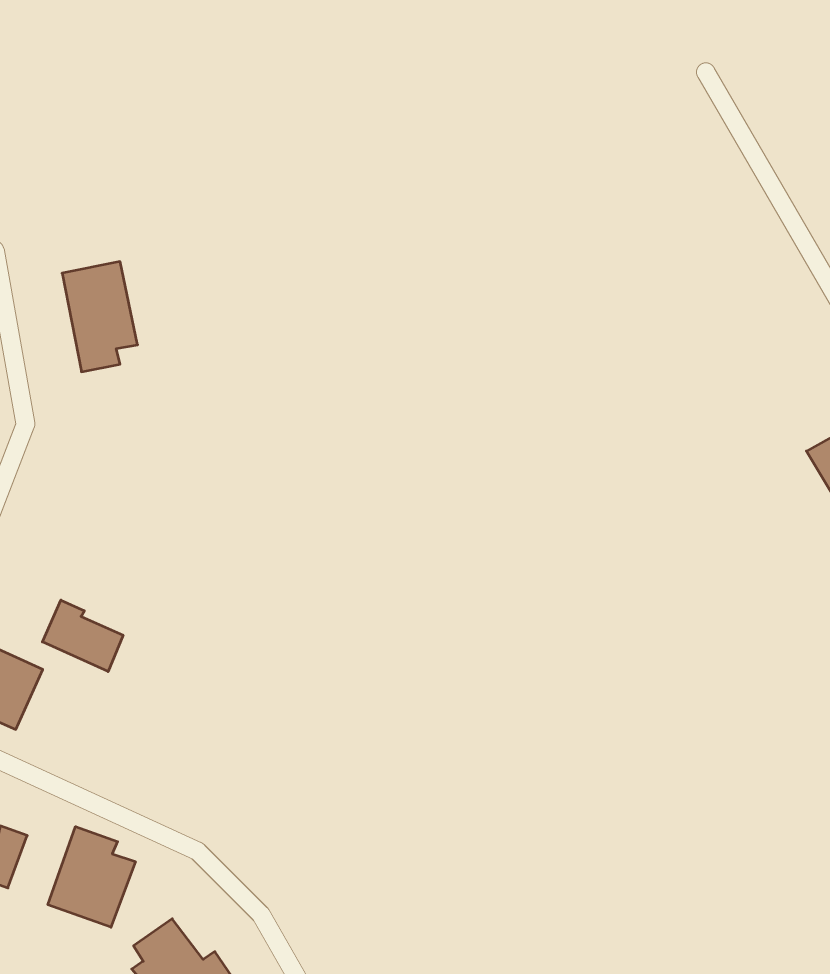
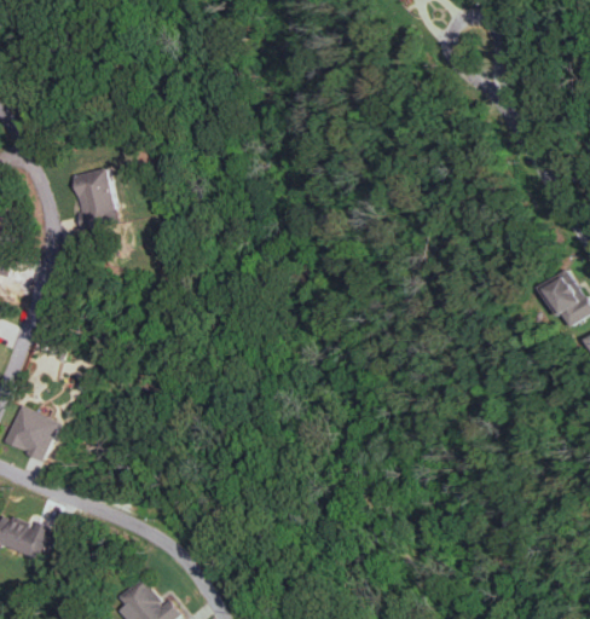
building: [42,600,123,672] -> none
building: [48,827,135,927] -> none

